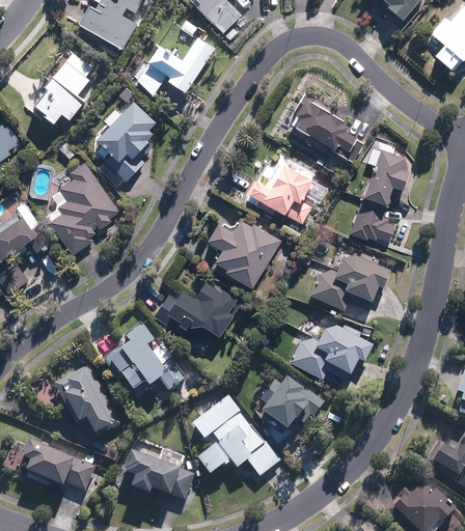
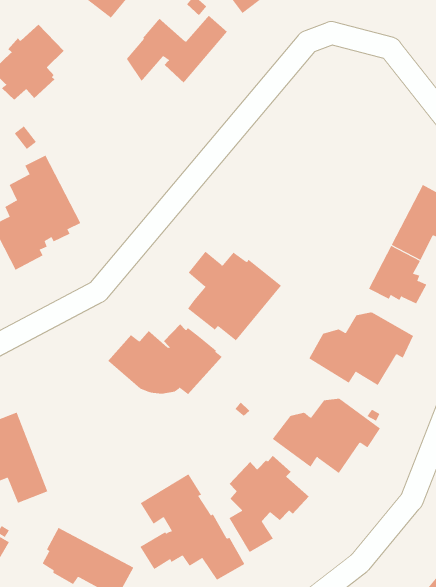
building: [292,91,364,162] -> none
building: [97,100,157,181] -> none
building: [246,162,313,224] -> none
building: [103,324,186,396] -> none

